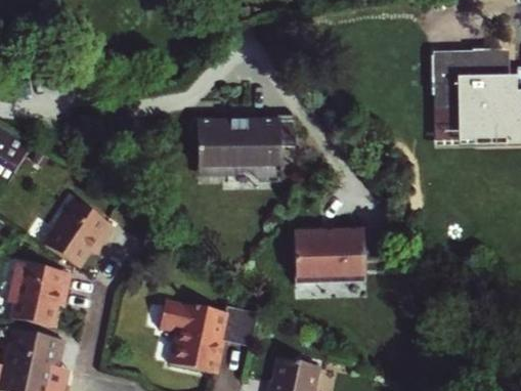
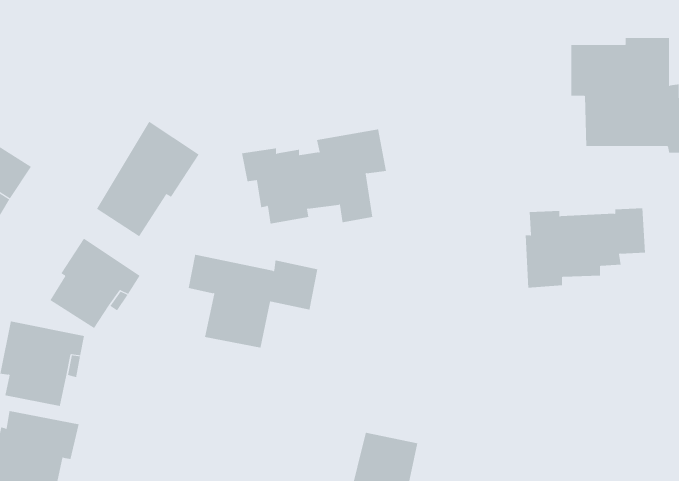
building: none -> [96,121,199,237]
building: [291,225,382,286] -> [525,208,646,288]
building: [157,302,255,373] -> [188,254,318,348]

